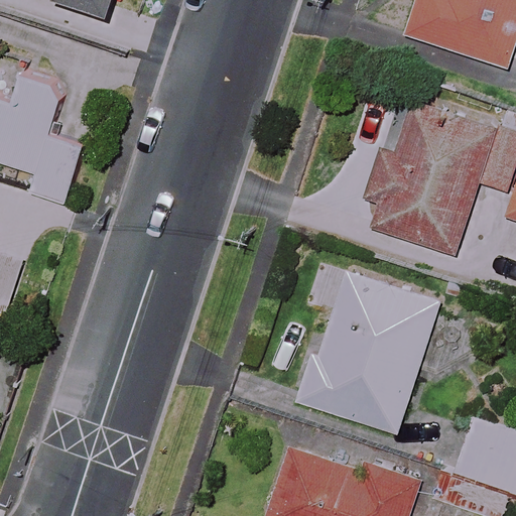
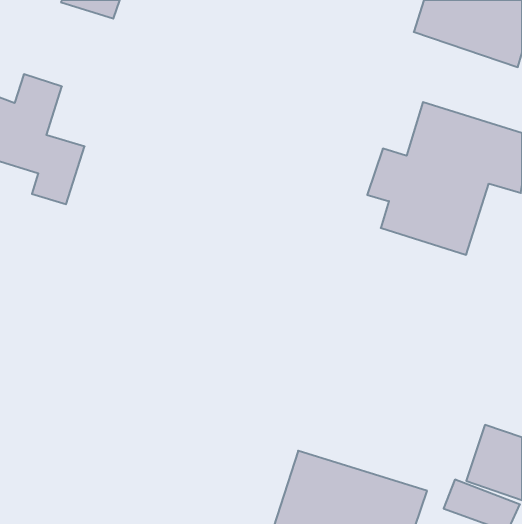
building: [300,270,442,433] -> none

